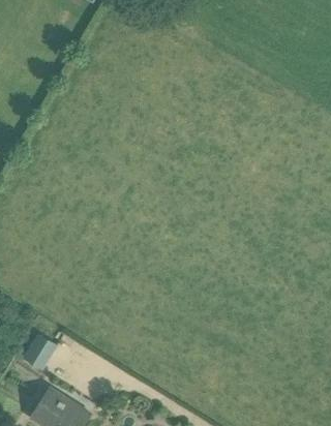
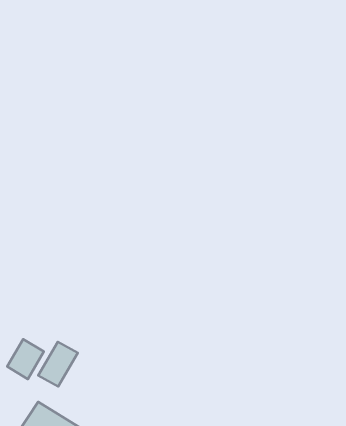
building: none -> [38,342,78,386]

